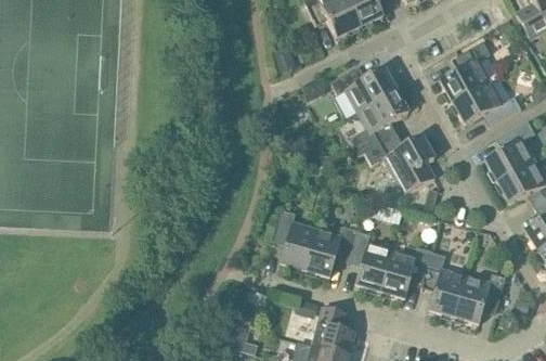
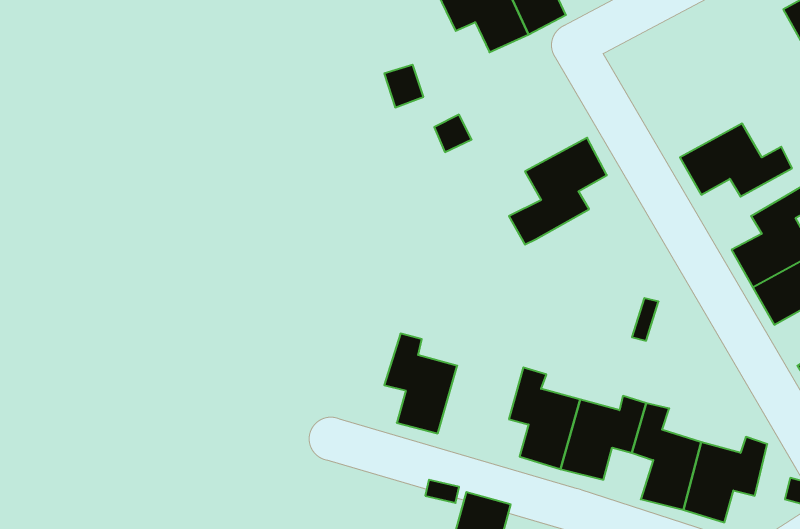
building: [440,40,491,102] -> none
building: [331,65,396,111] -> none
building: [365,133,435,194] -> none
building: [305,227,357,278] -> none

